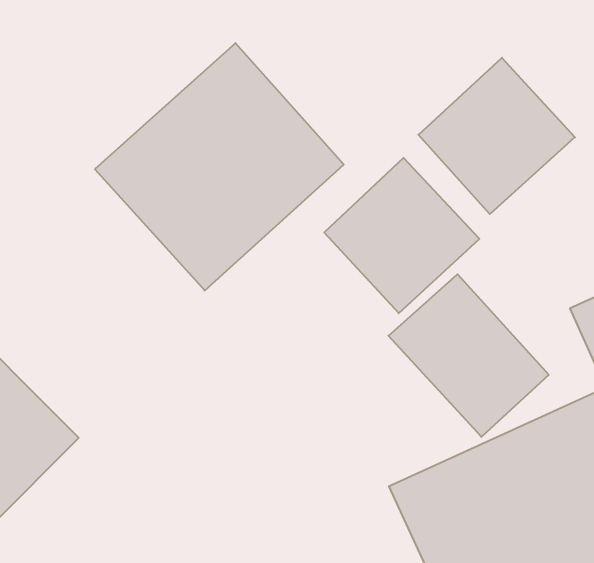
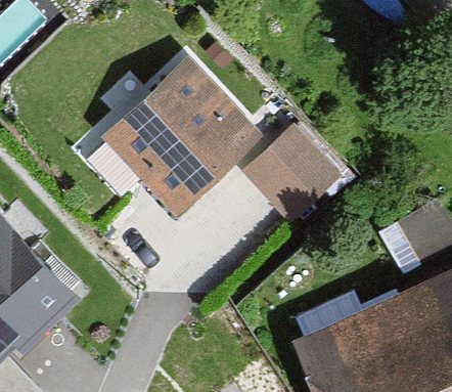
building: [418,58,575,214] -> none
building: [388,274,549,437] -> none

